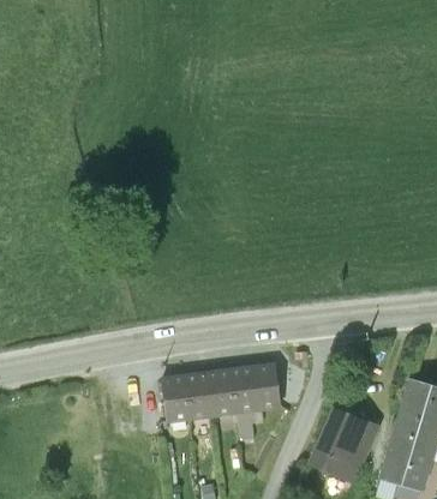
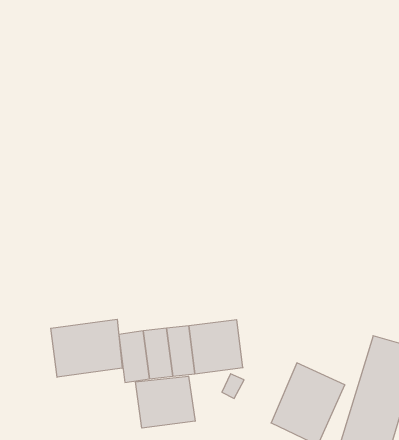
building: none -> [51,319,122,377]
building: none -> [136,376,195,428]

